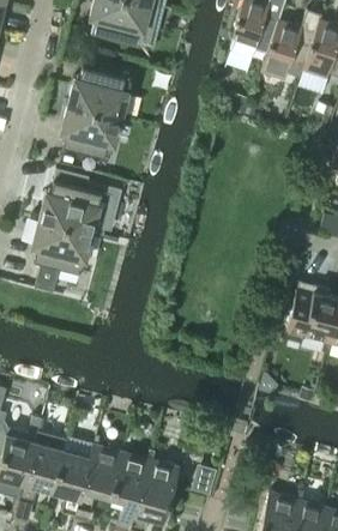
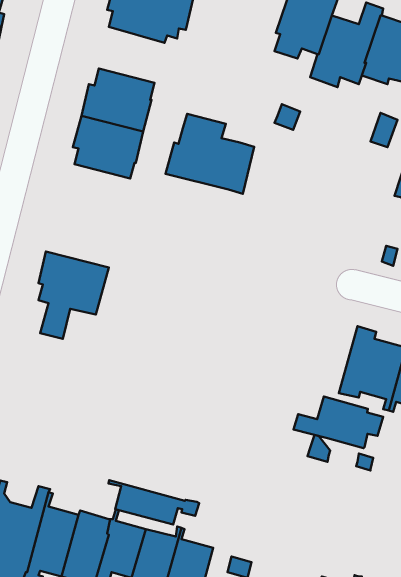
building: [40,168,114,235] -> [166,114,254,194]
building: none -> [293,397,383,448]
building: none -> [109,480,199,524]

